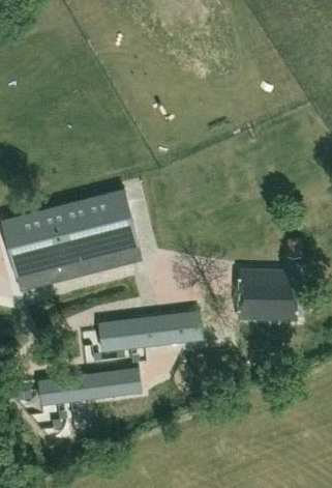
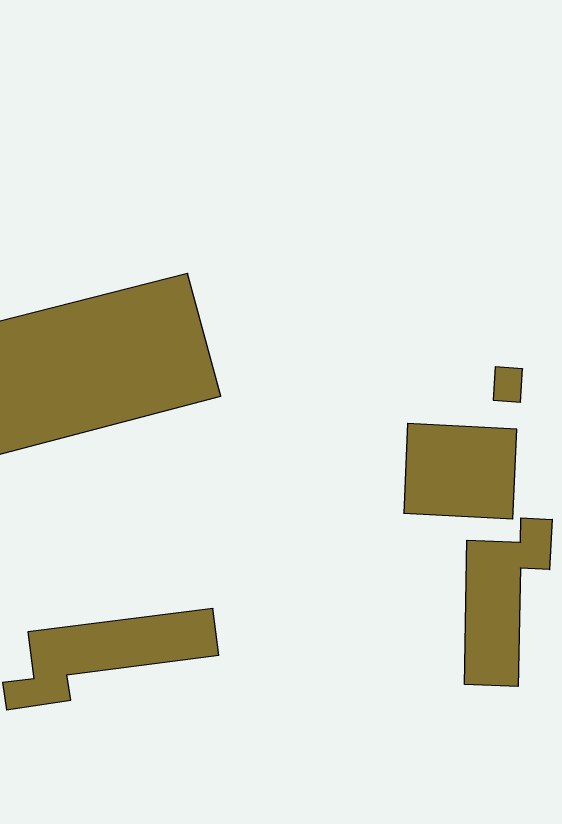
building: [98,312,202,348] -> none
building: none -> [465,518,552,686]

